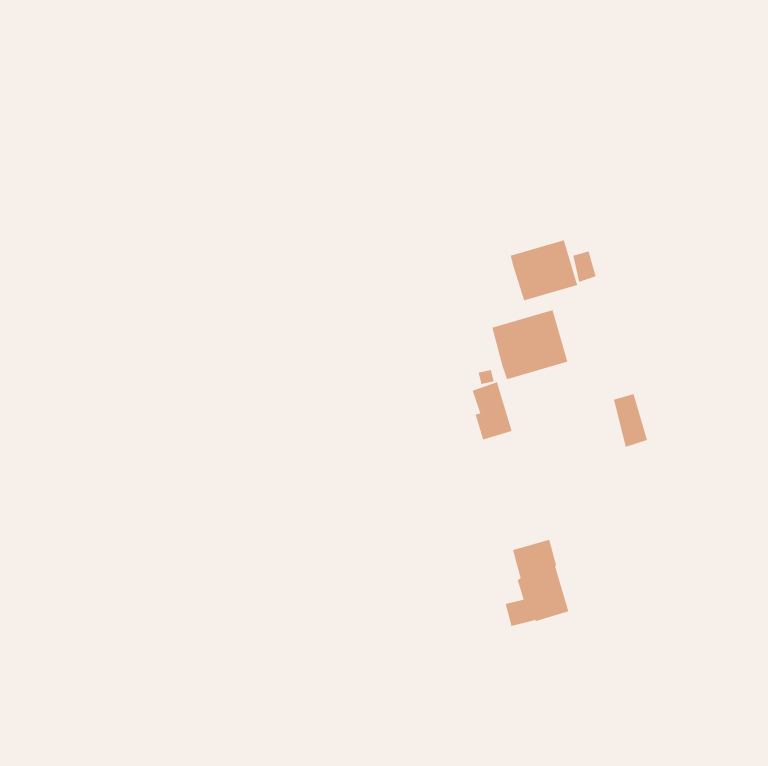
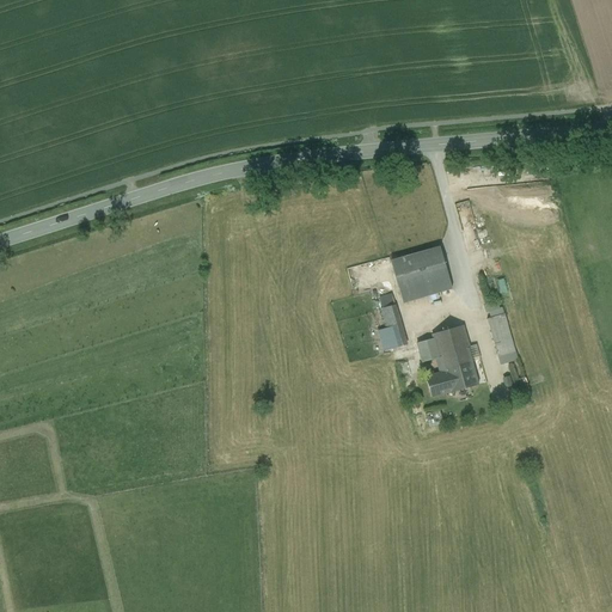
building: [510,240,578,301] -> none
building: [505,539,569,626] -> [427,325,478,394]

